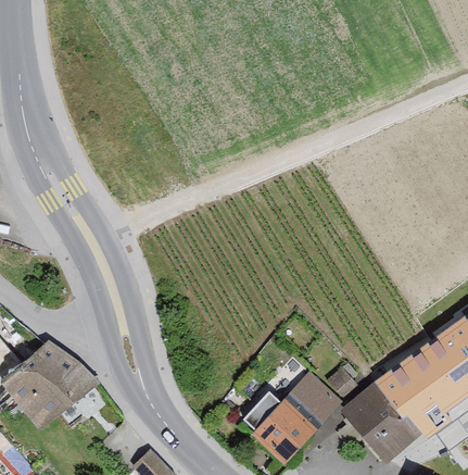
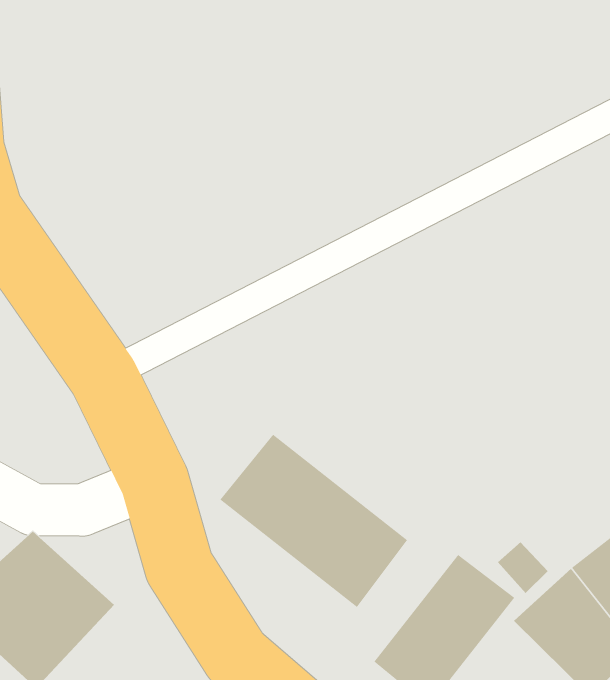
building: none -> [220,434,408,608]

